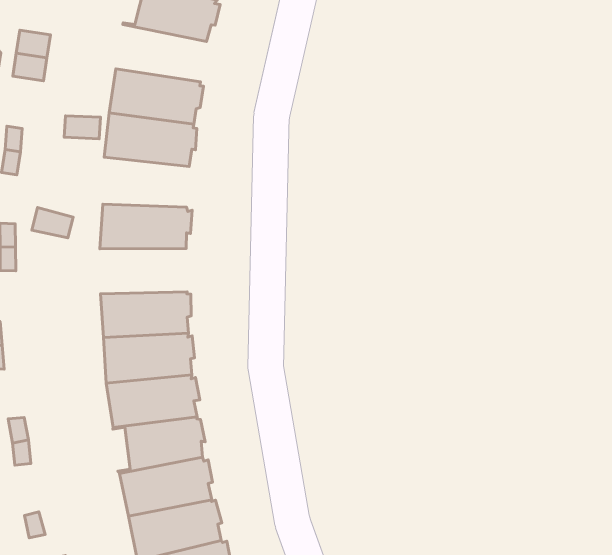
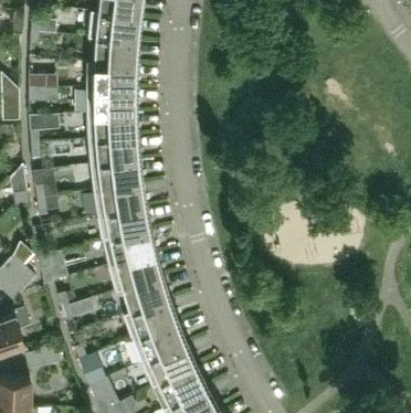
building: none -> [85,62,136,87]
building: none -> [86,136,139,165]
building: none -> [92,182,145,215]

